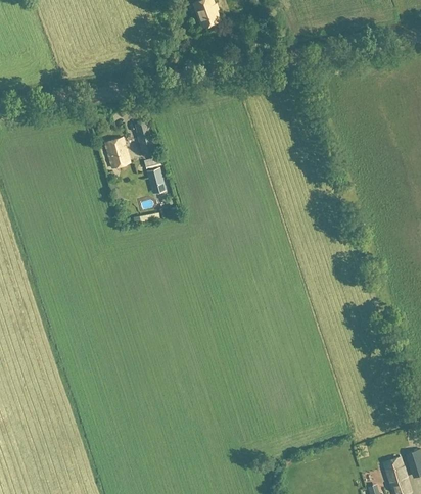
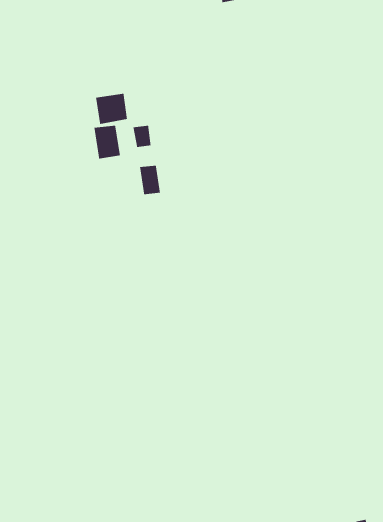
building: none -> [95,93,128,125]

